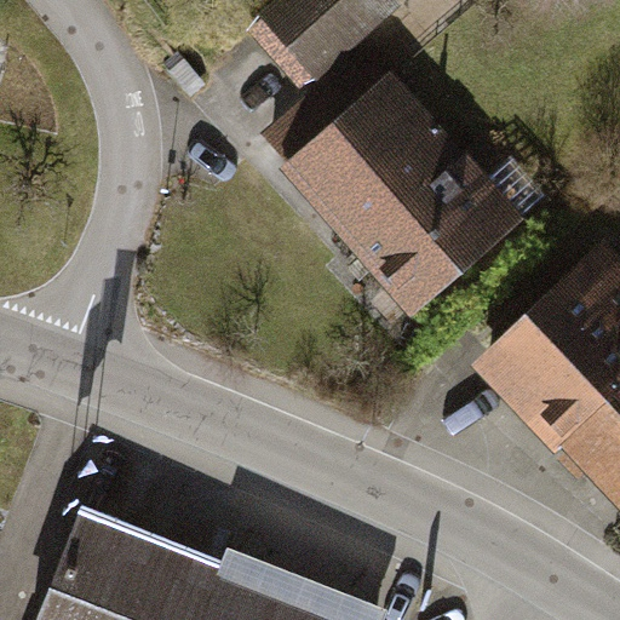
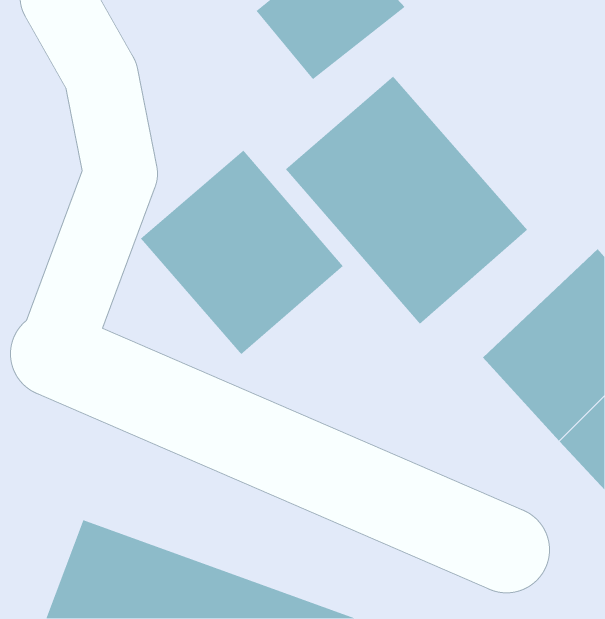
building: none -> [140,149,344,355]

